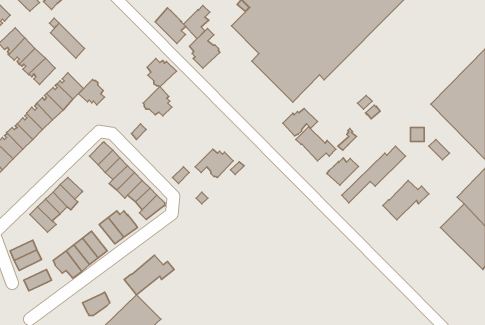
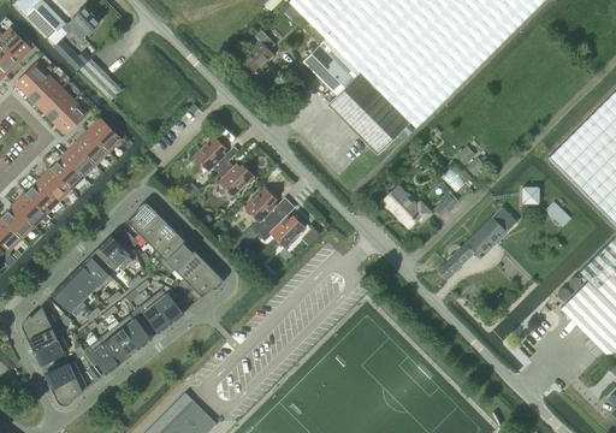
building: [155,8,186,43] -> none
building: [190,28,220,68] -> none
building: [147,58,176,87] -> [218,161,254,196]
building: [78,80,104,105] -> none
building: [283,108,318,136] -> none
building: none -> [244,188,279,235]
building: [327,158,358,185] -> none
building: none -> [101,237,134,269]
building: [383,181,429,220] -> none
building: none -> [24,306,58,338]
building: [124,255,174,295] -> none
building: [82,292,110,316] -> [53,374,87,403]

